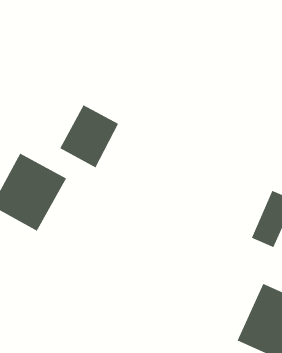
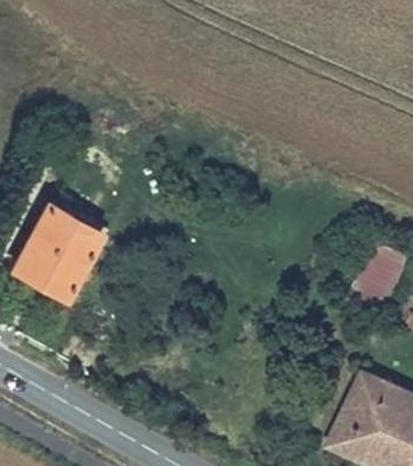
building: [59,104,119,168] -> none

